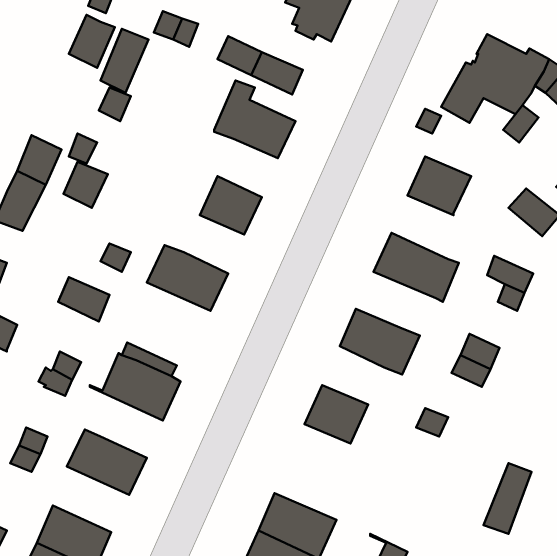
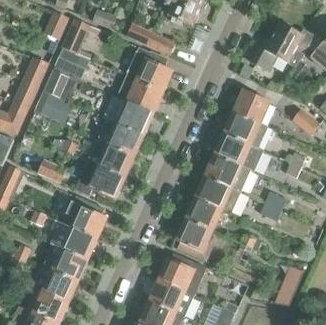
building: none -> [22,53,50,86]
building: none -> [116,76,161,113]
building: none -> [225,112,267,148]
building: none -> [97,118,142,156]
building: none -> [205,155,250,191]
building: none -> [79,161,123,199]
building: none -> [186,197,221,230]
building: none -> [51,220,96,260]
building: none -> [159,253,206,295]
building: none -> [30,264,77,302]

